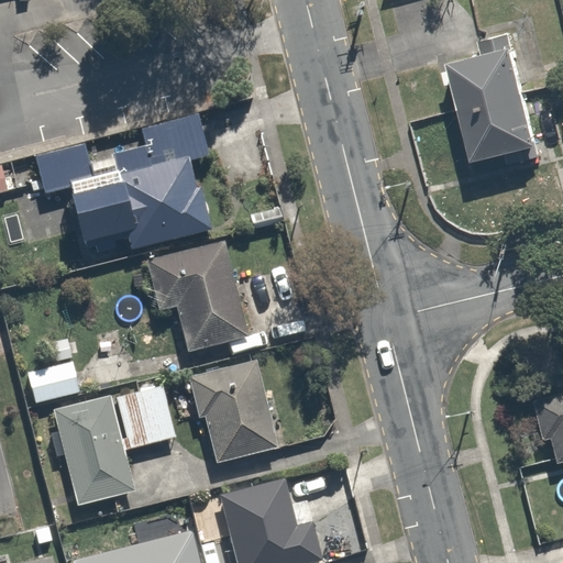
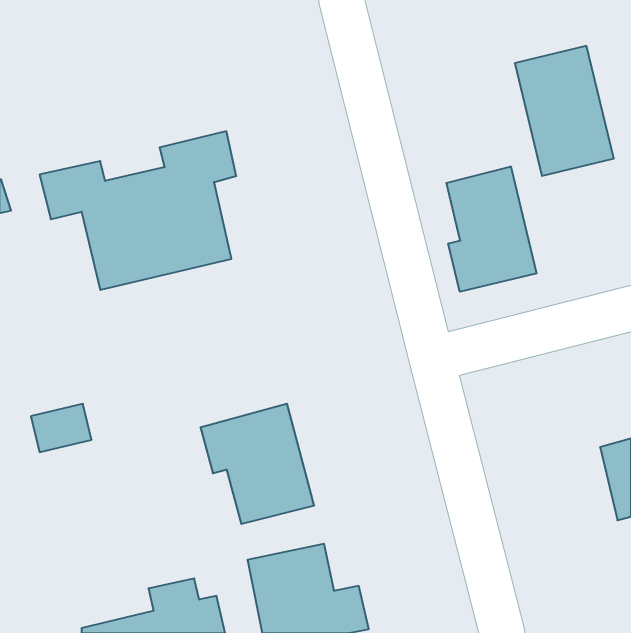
building: none -> [447,166,537,292]
building: [142,250,240,351] -> none
building: [54,383,176,508] -> none

